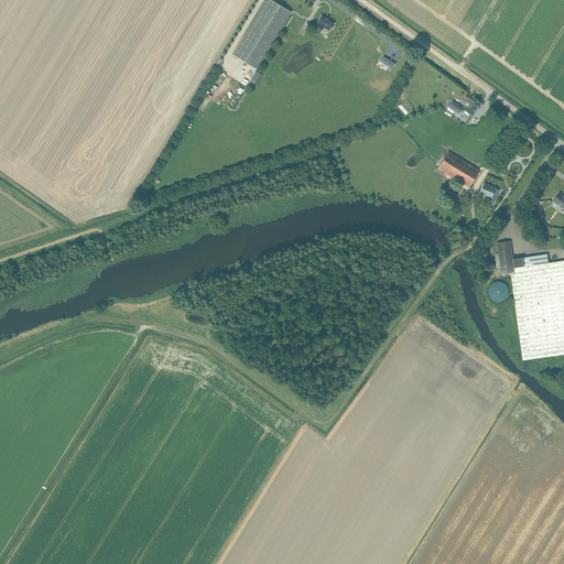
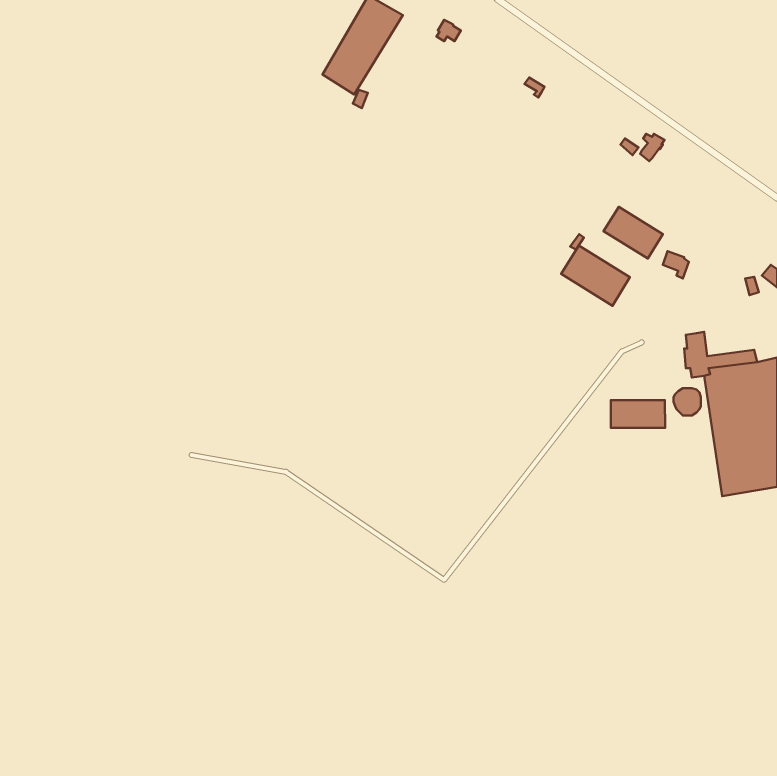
building: none -> [561,245,630,306]
building: none -> [611,400,665,428]

